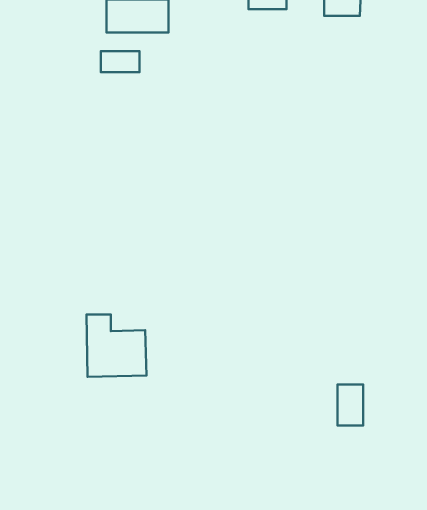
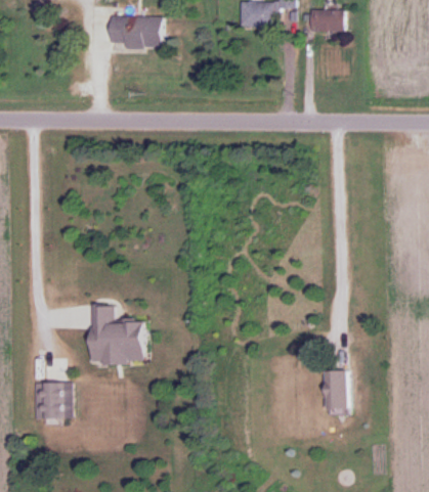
building: [101,51,140,72] -> none
building: none -> [39,383,72,418]

